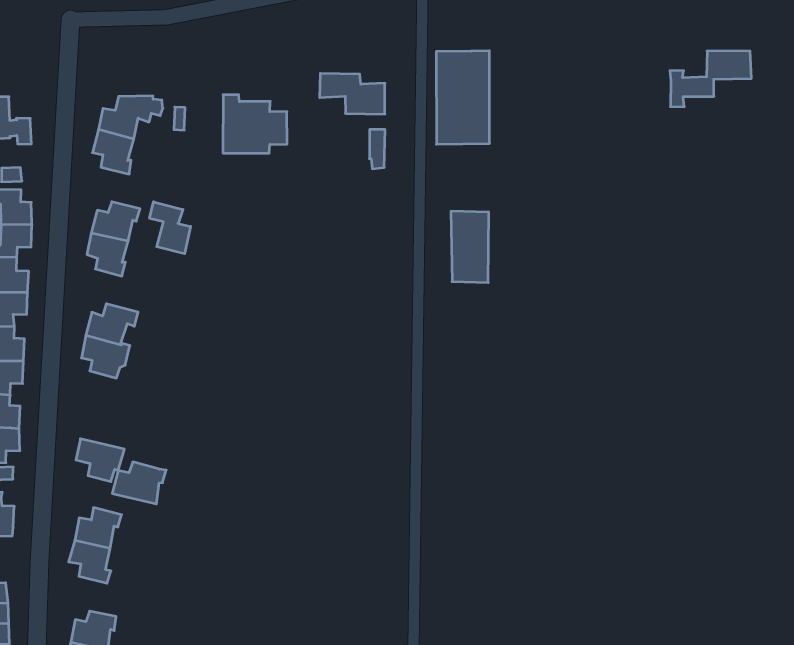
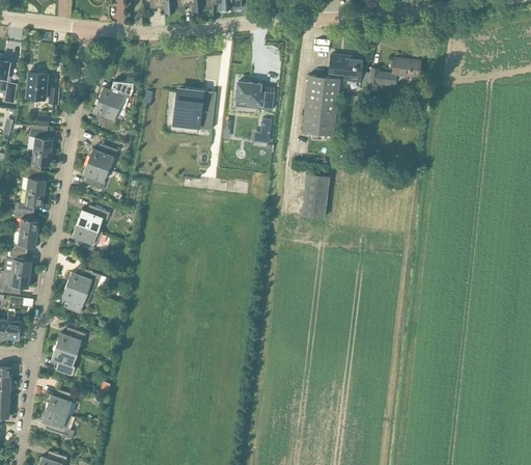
building: none -> [329,55,363,82]
building: [670,51,751,107] -> [368,58,420,90]
building: [150,202,191,254] -> none
building: [112,462,166,504] -> [66,268,101,295]

